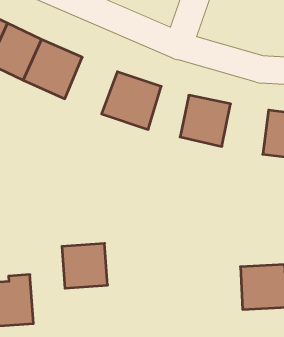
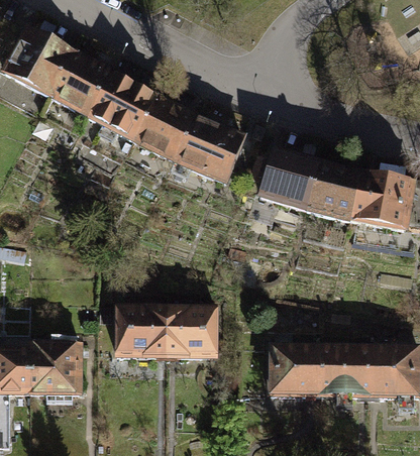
building: none -> [133,95,195,160]
building: none -> [307,159,362,219]
building: none -> [167,307,216,354]
building: none -> [267,343,318,392]

